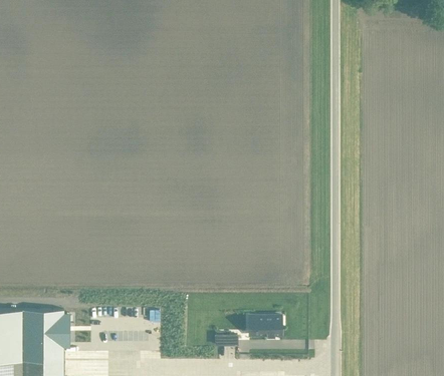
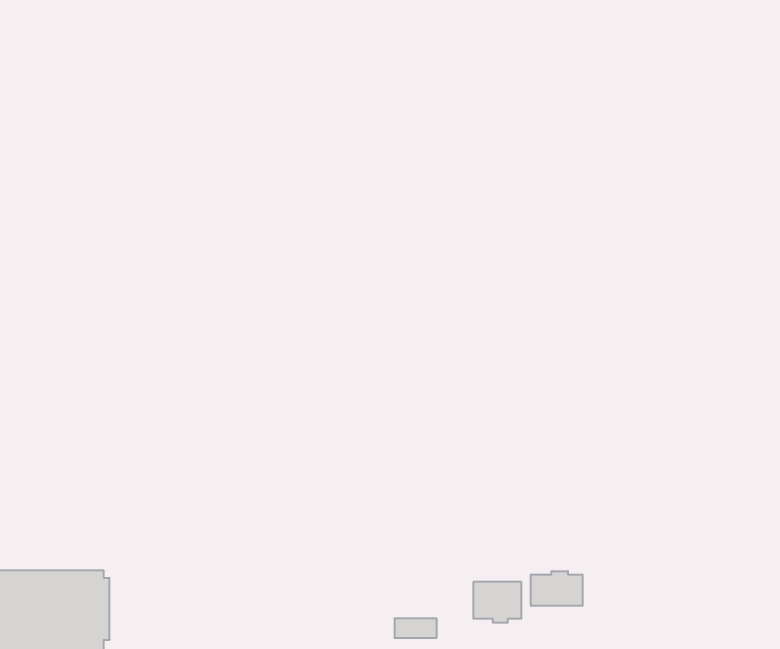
building: none -> [531,571,582,606]

